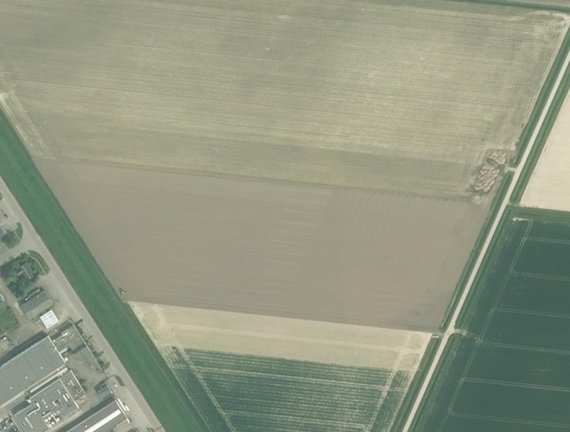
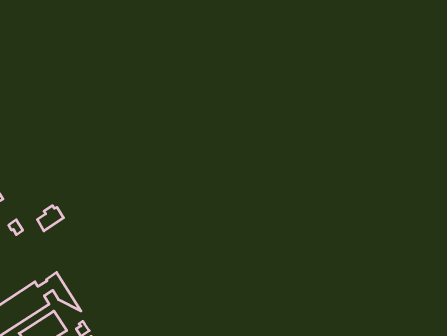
building: [19,291,50,321] -> [37,206,64,231]

